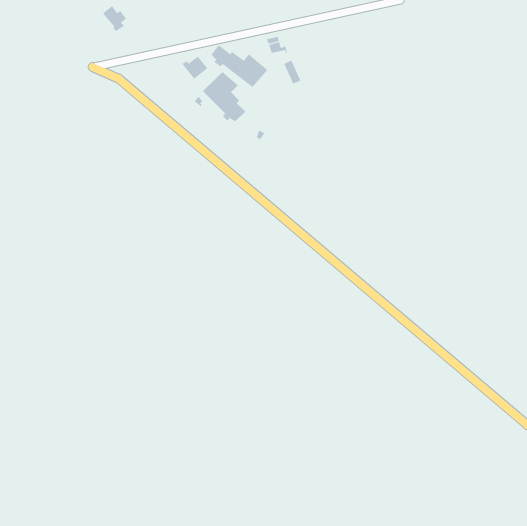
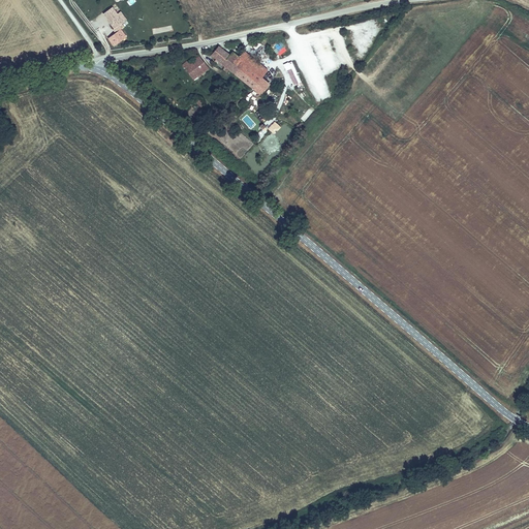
building: [202,71,246,122] -> none

